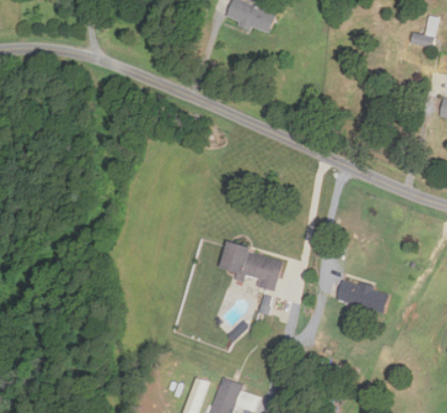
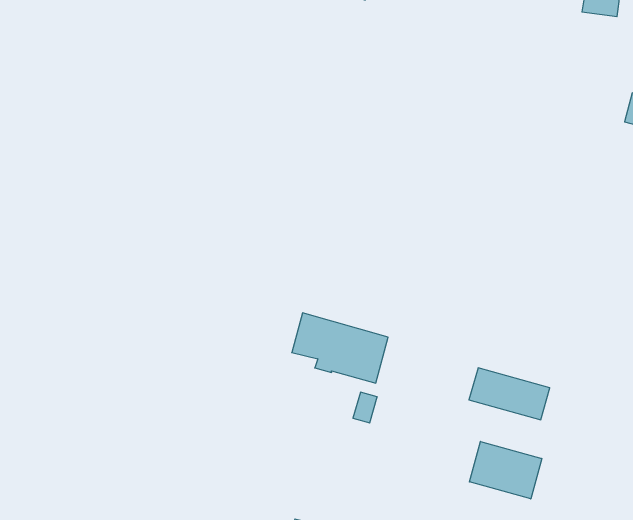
building: none -> [469,441,542,499]

